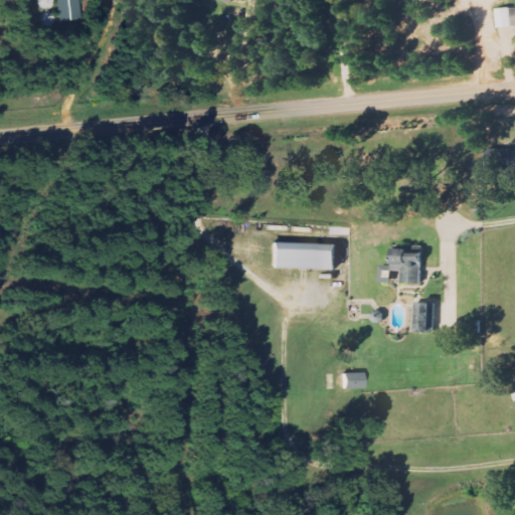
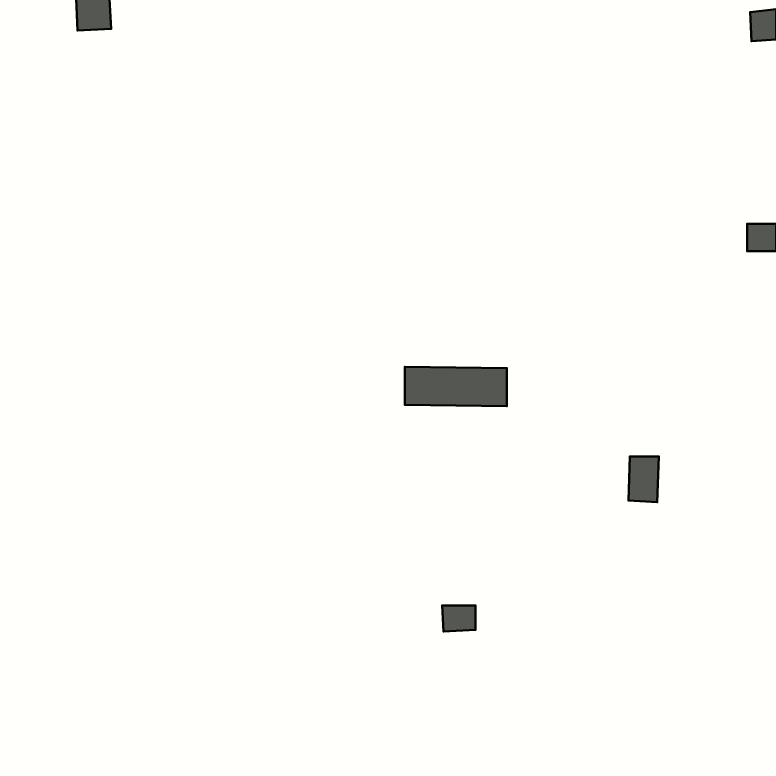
building: [380,247,422,284] -> none
building: [338,372,360,389] -> [442,606,476,631]

